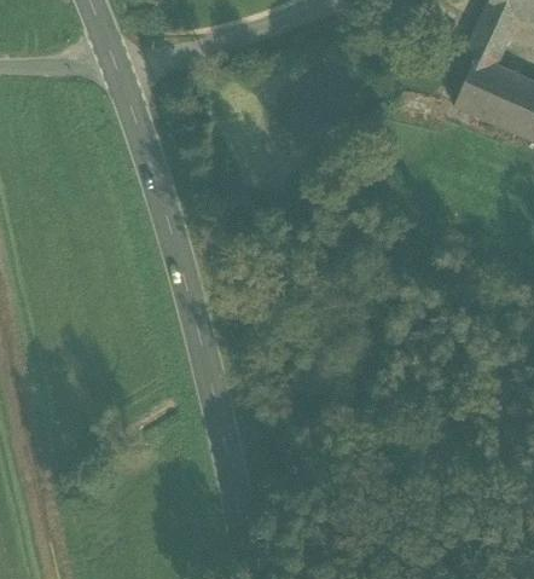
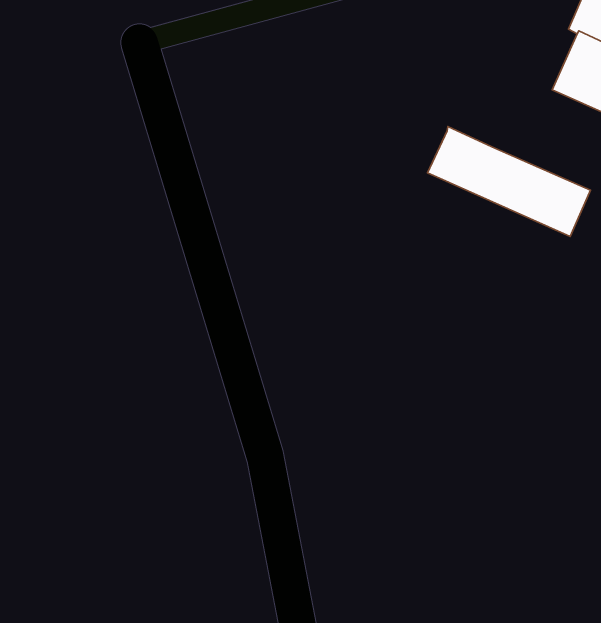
building: none -> [428,127,591,236]

